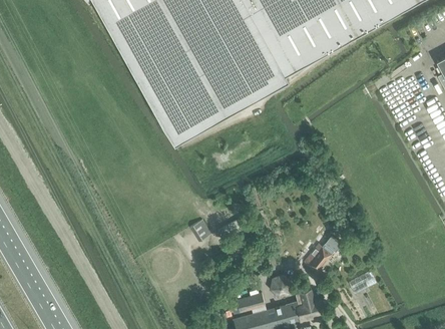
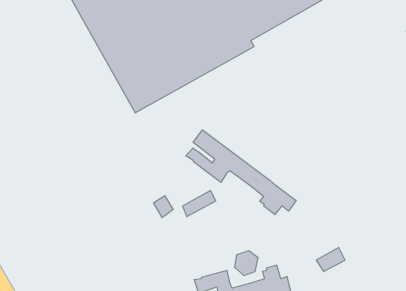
building: none -> [186,130,296,215]
building: [305,240,338,272] -> none

